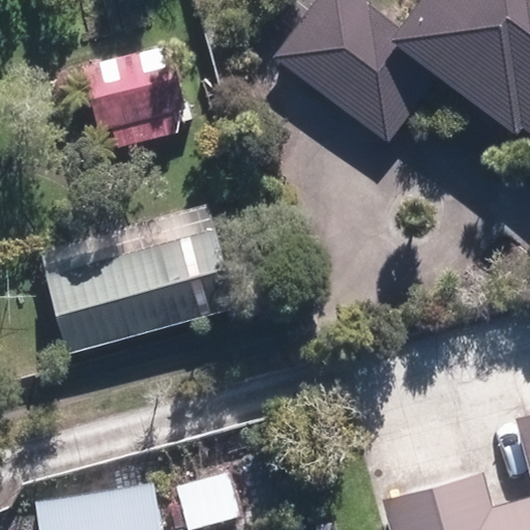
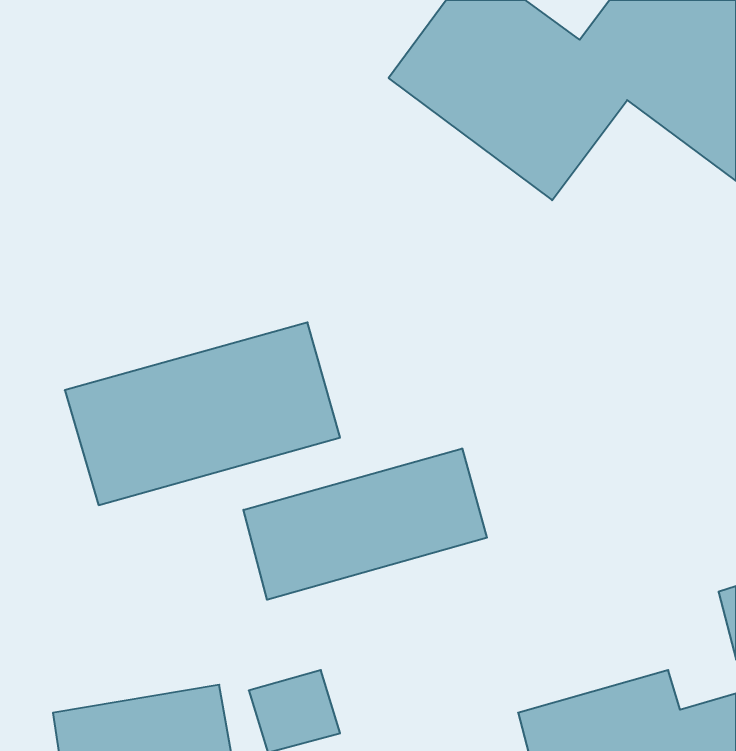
building: [84,43,187,128] -> none
building: none -> [243,448,487,600]

